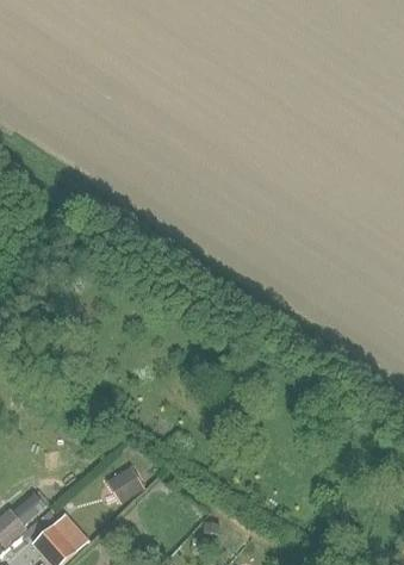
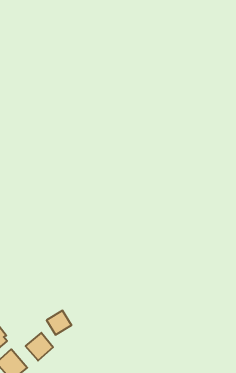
building: none -> [26,333,53,361]

